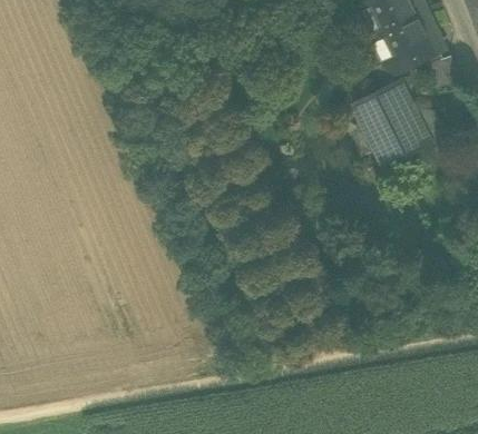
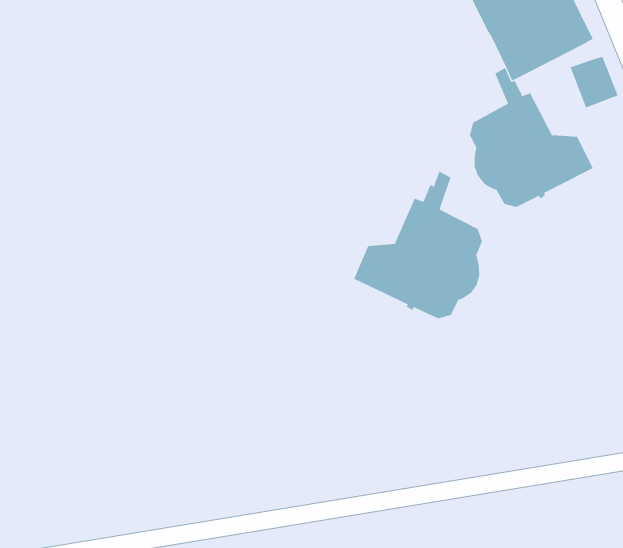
building: none -> [354,171,483,319]

